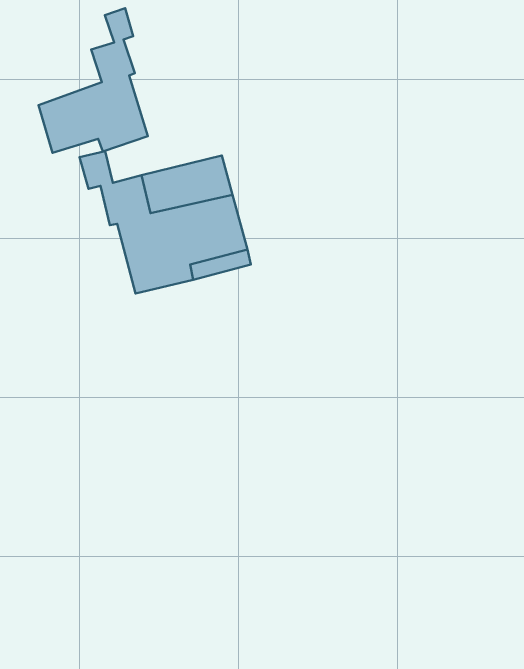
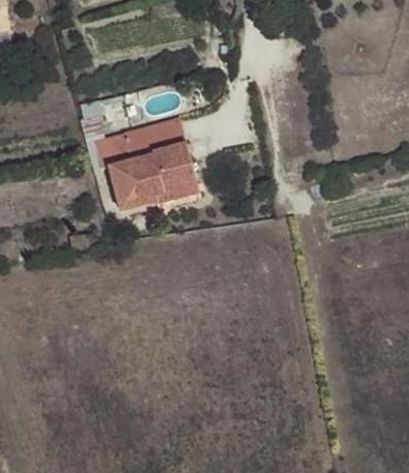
building: [38,8,148,153] -> none

